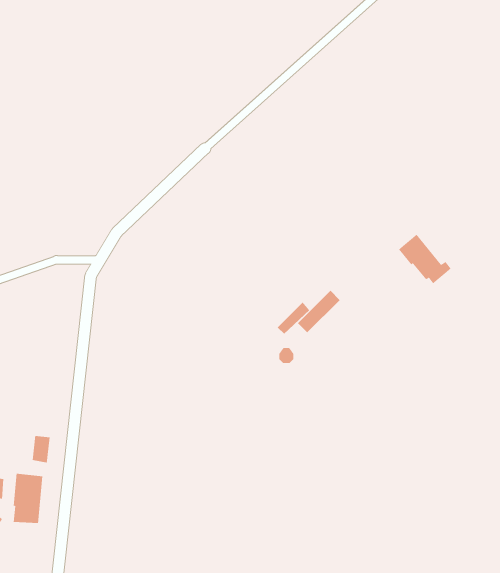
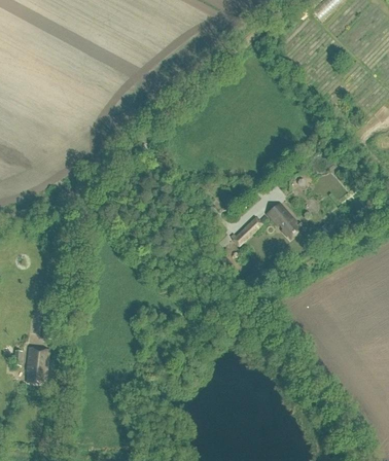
building: [398,234,452,284] -> [267,202,305,238]

